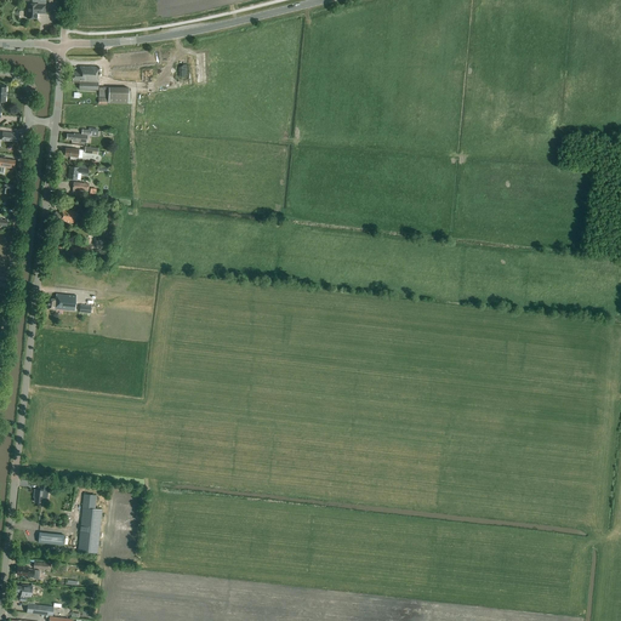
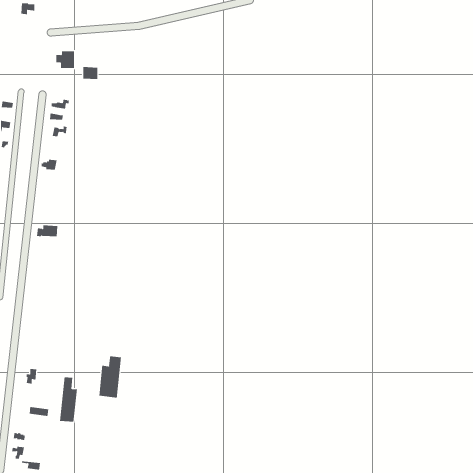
building: none -> [99,356,122,399]

